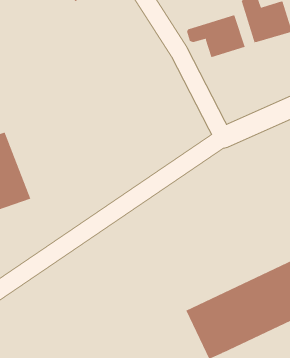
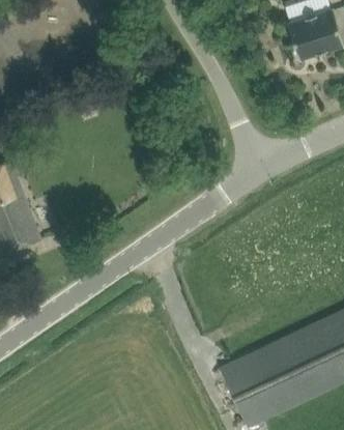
building: [186,14,246,58] -> none

